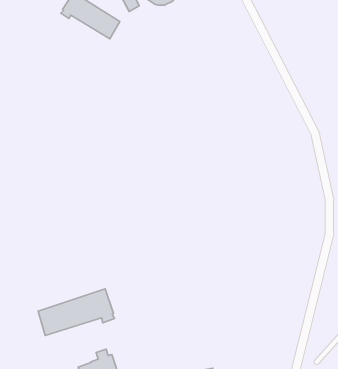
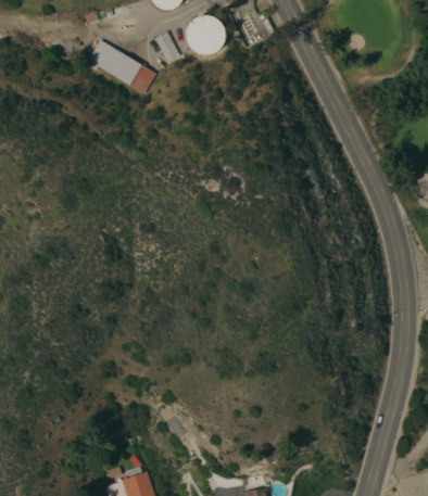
building: [38,289,115,335] -> none

